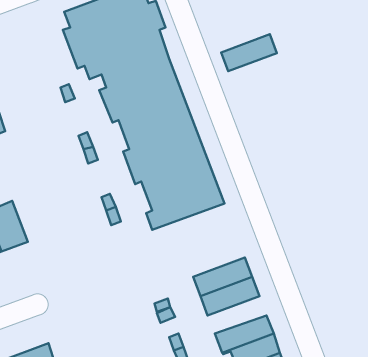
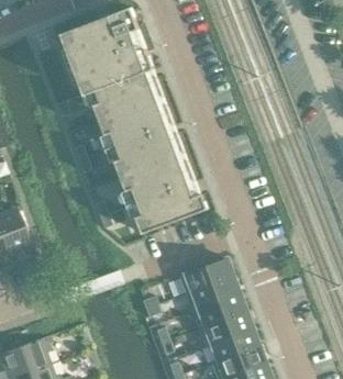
building: [221,34,277,71] -> none
building: none -> [191,294,245,328]

